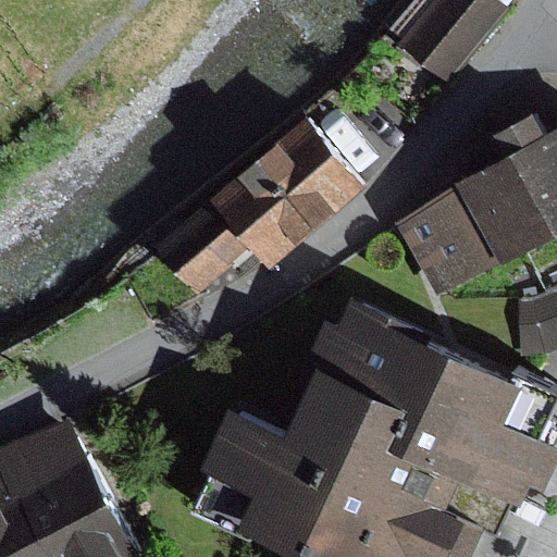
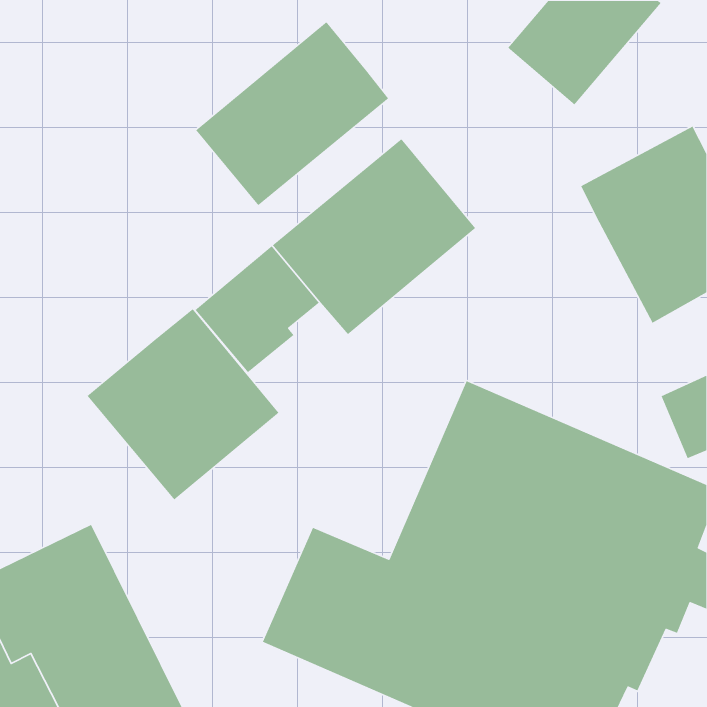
building: none -> [195,21,389,206]
building: [387,182,504,299] -> none
building: none -> [87,308,279,501]

